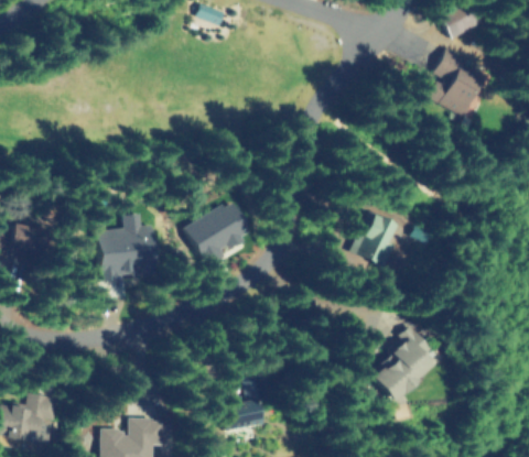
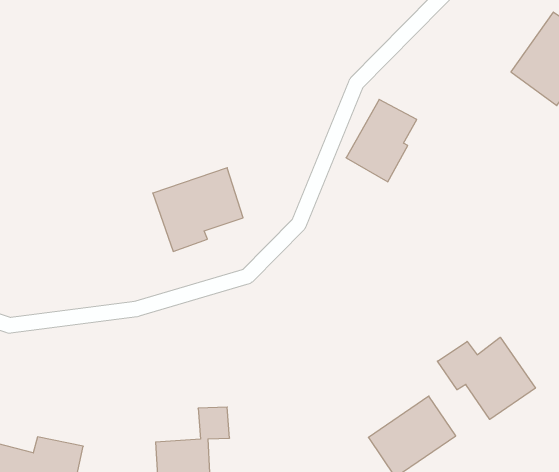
building: [94,213,154,278] -> none
building: [353,213,399,271] -> [346,99,417,182]
building: none -> [437,337,535,419]

